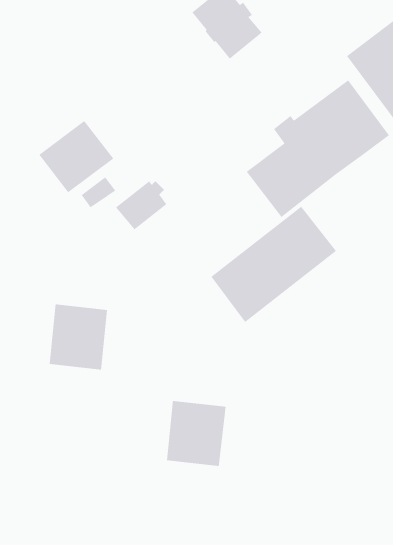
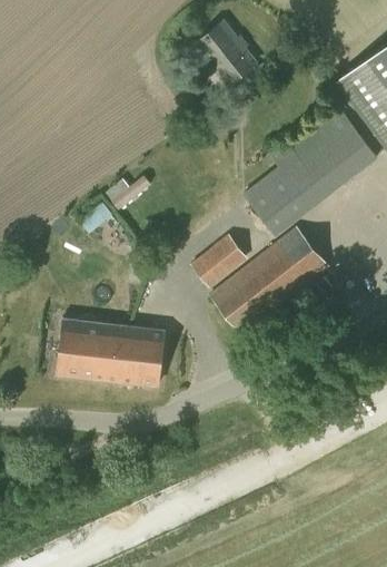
building: [38,120,114,193] -> none
building: [115,180,167,230] -> [197,236,246,283]
building: [166,400,226,467] -> [107,323,163,385]

